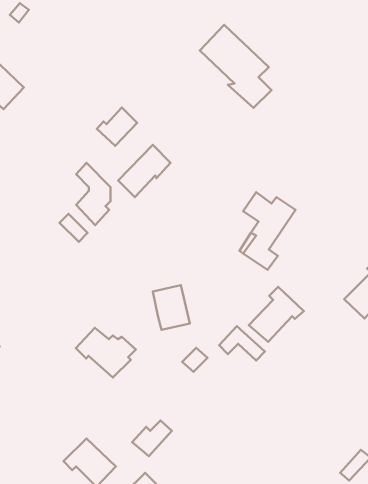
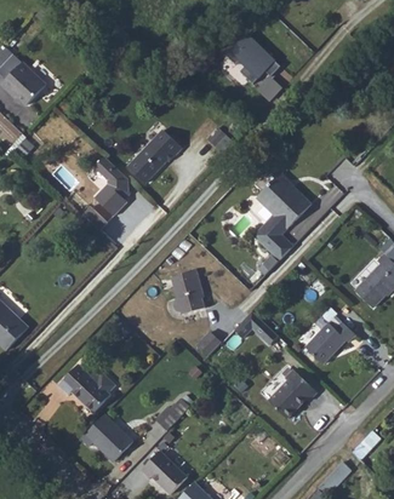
building: [97,108,137,146] -> none
building: [249,287,304,342] -> [303,308,355,360]
building: [76,328,136,378] -> [62,366,119,413]
building: none -> [270,367,318,415]

